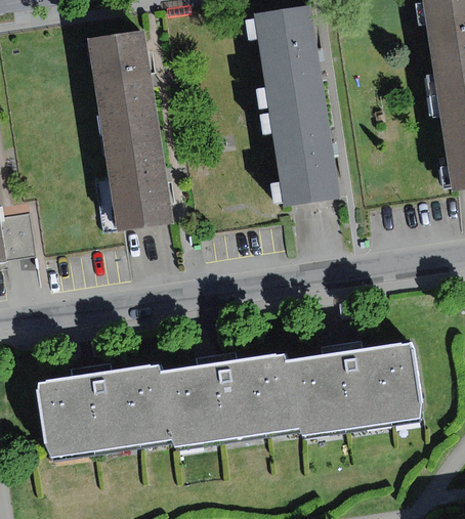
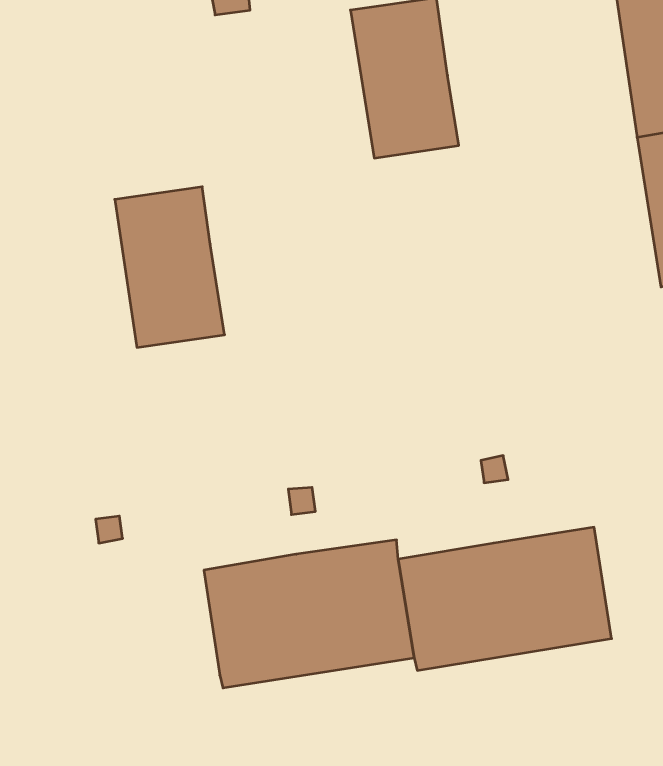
building: [88,29,159,134] -> none
building: [269,99,340,207] -> none
building: [40,362,170,459] -> none

